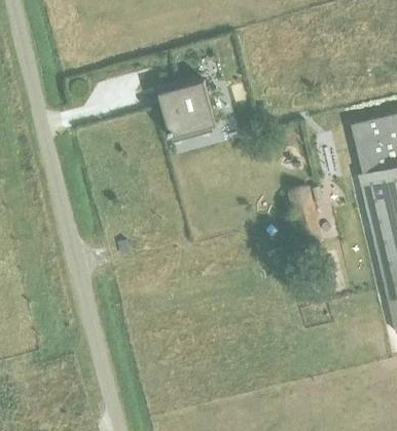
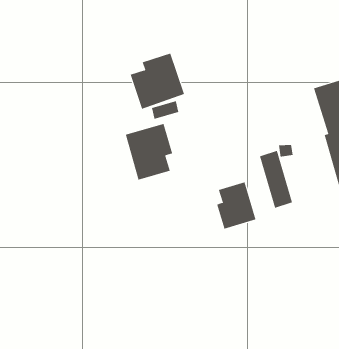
building: none -> [125,123,173,181]
building: none -> [216,182,256,229]

